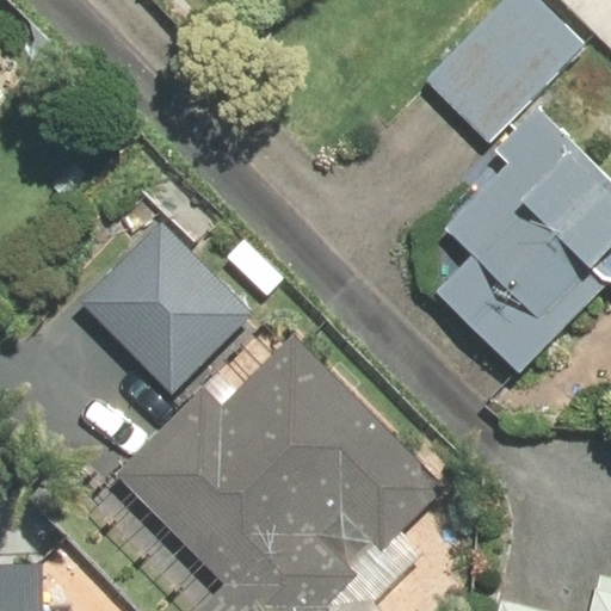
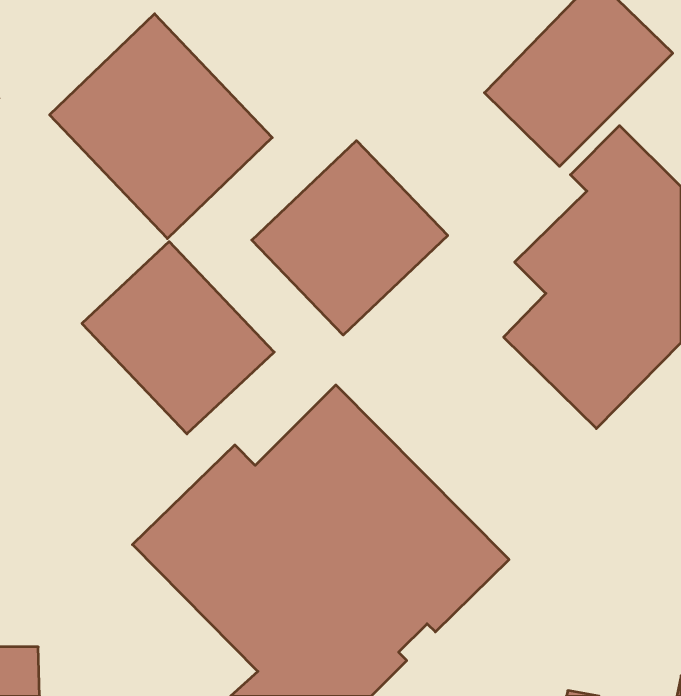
building: none -> [50,14,272,239]
building: none -> [252,141,448,335]

